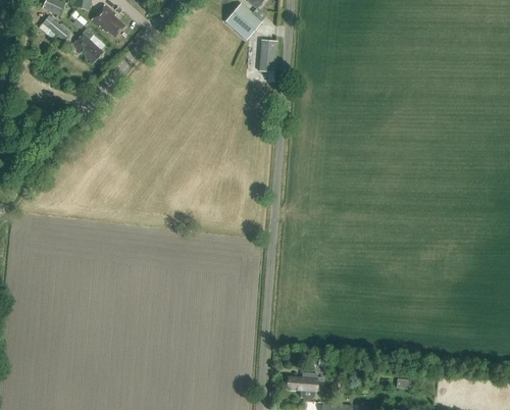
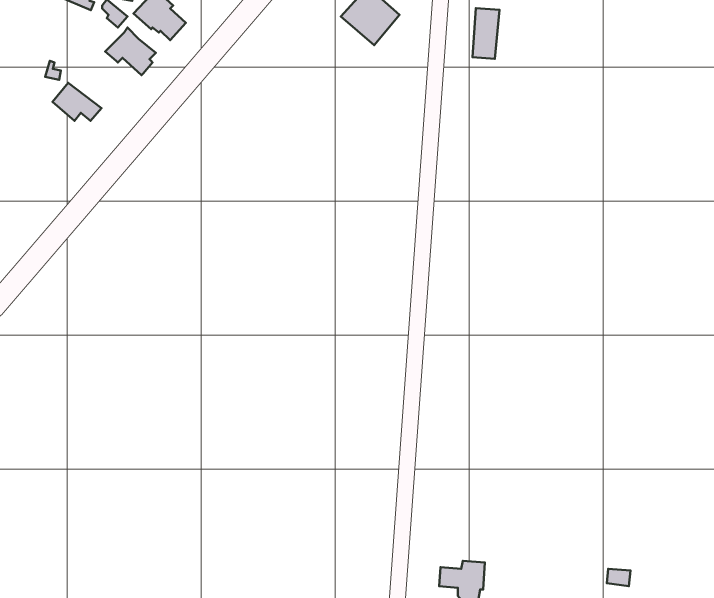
building: [39,15,70,40] -> [52,83,101,121]
building: [260,40,277,72] -> [473,8,499,59]

